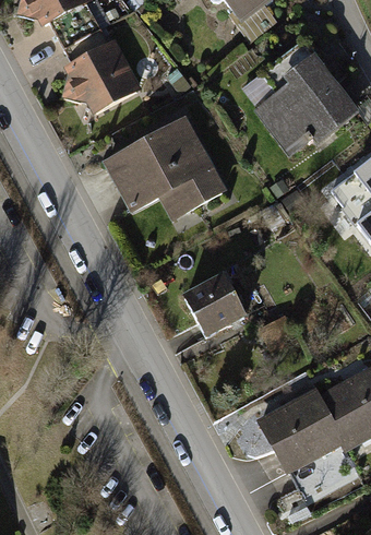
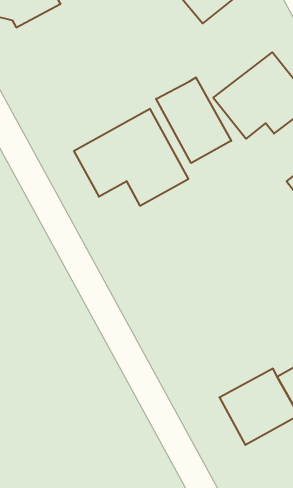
building: [62,40,139,116] -> none
building: none -> [156,77,231,163]
building: [182,272,246,337] -> none

